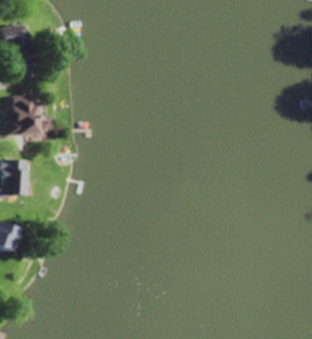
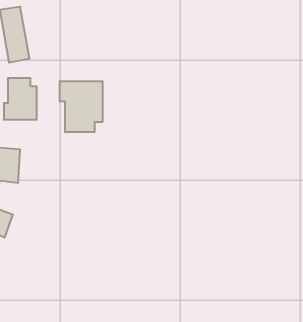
building: none -> [60,81,102,132]

